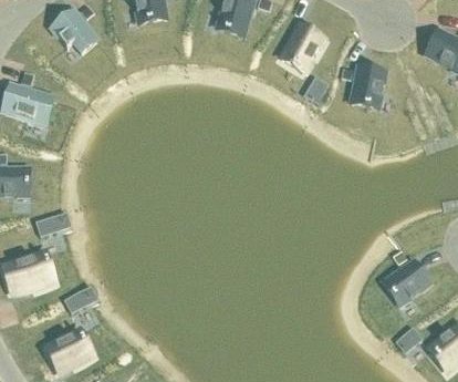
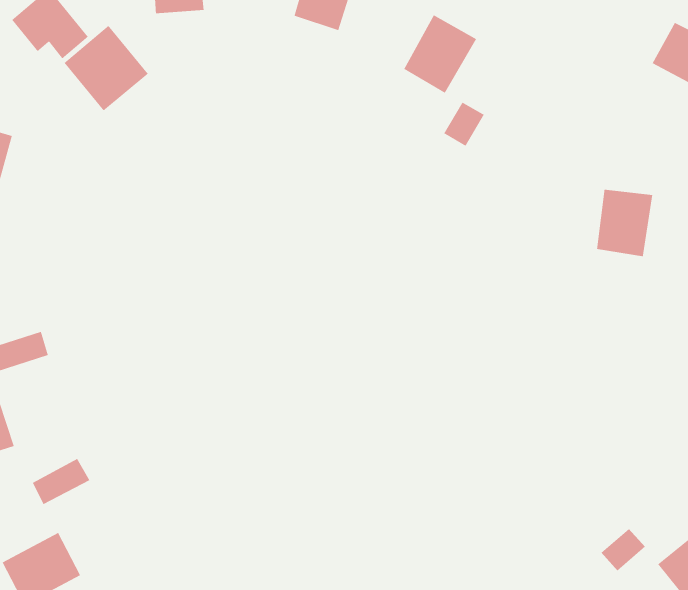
building: none -> [63,25,149,111]
building: [352,69,385,109] -> [596,189,653,257]
building: [384,259,430,304] -> none

